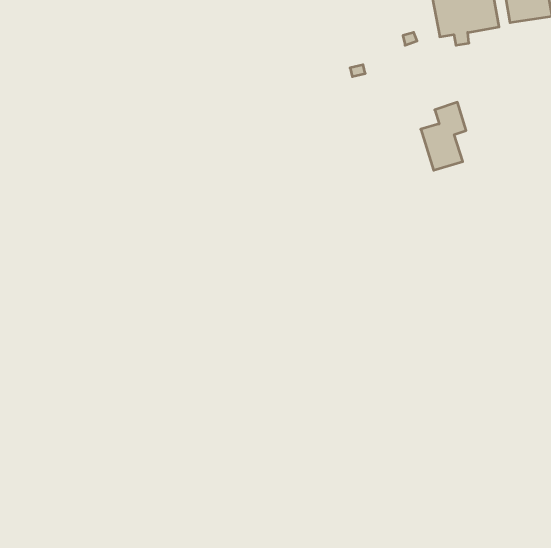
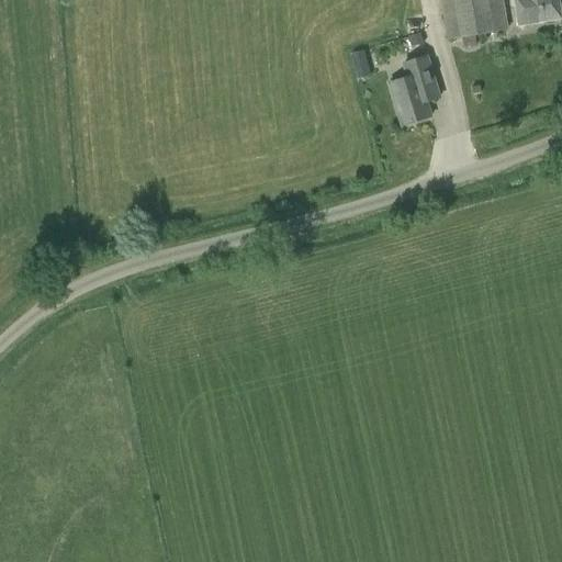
building: [421,102,466,170] -> [390,54,436,123]

